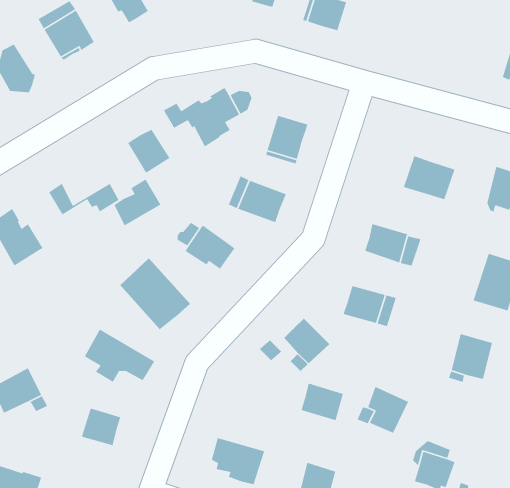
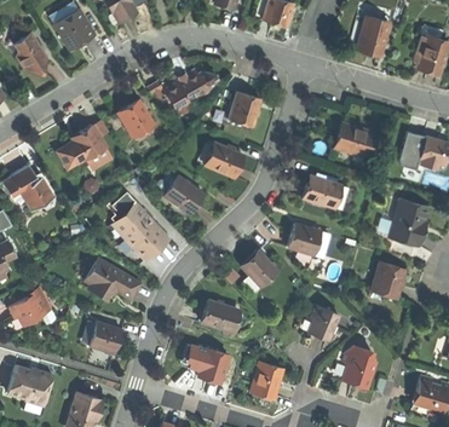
building: none -> [356,17,388,57]
building: [113,178,161,226] -> [69,125,107,162]
building: [300,383,344,421] -> [203,301,237,331]

